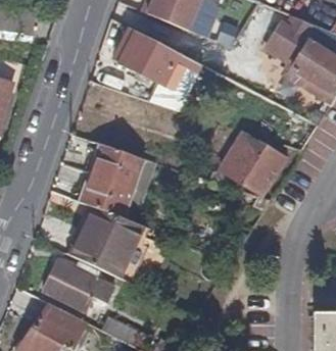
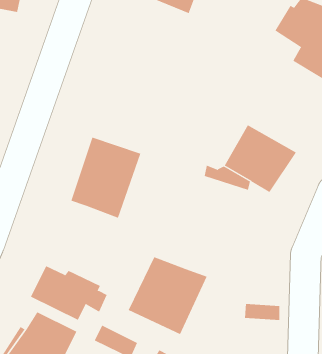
building: [112,27,203,110] -> none
building: [71,206,144,278] -> [128,256,208,335]

